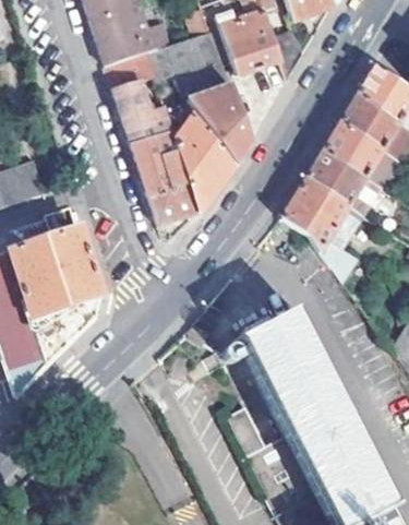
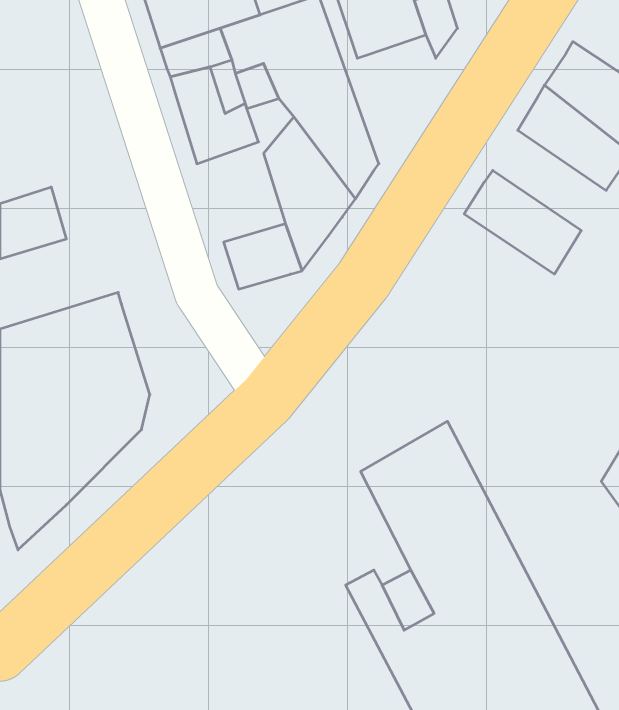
building: [324,119,398,184] -> none
building: [131,127,189,192] -> none
building: [282,174,364,282] -> none

